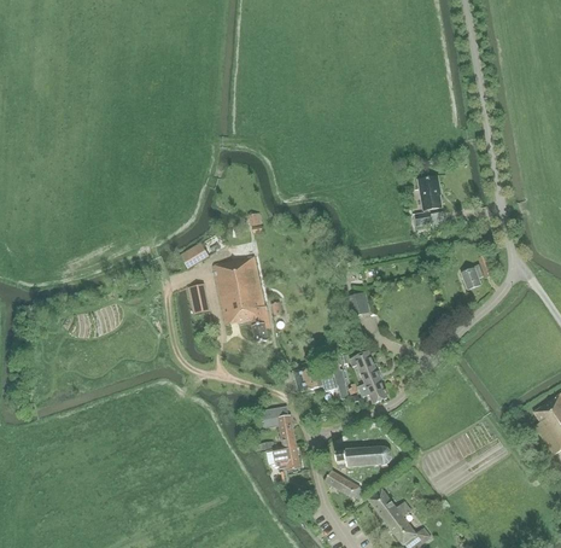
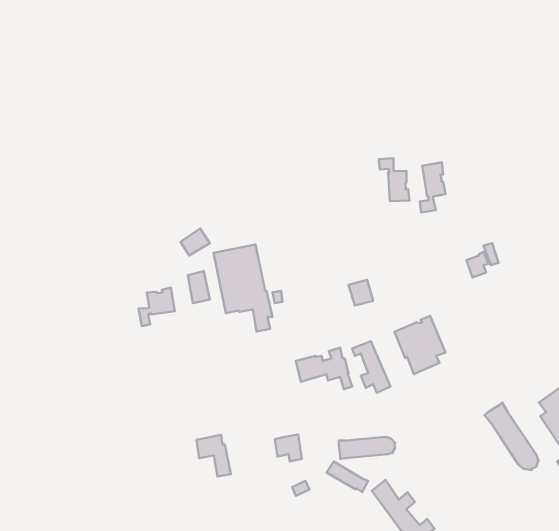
building: none -> [379,158,410,201]
building: none -> [139,288,175,326]
building: none -> [395,316,445,374]
building: [262,404,296,445] -> [197,435,231,476]
building: none -> [485,403,539,470]

